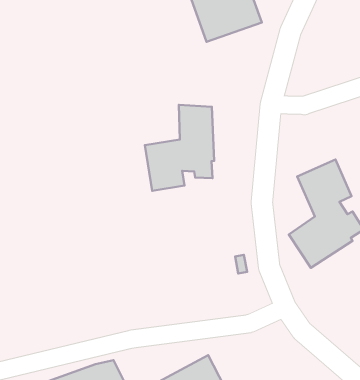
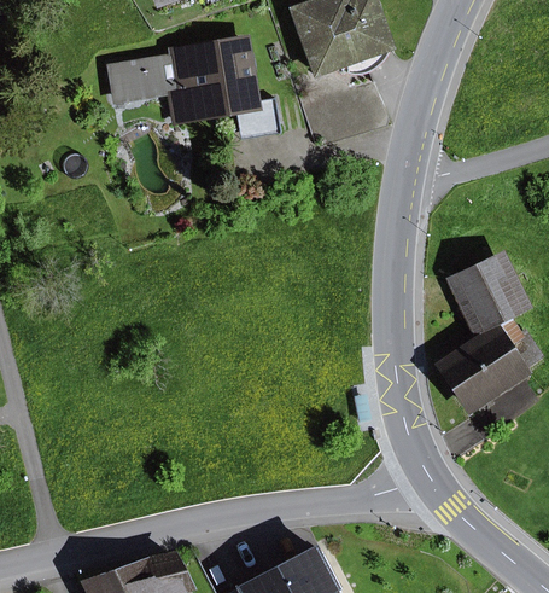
building: none -> [109,35,282,141]
building: [145,105,214,191] -> none

